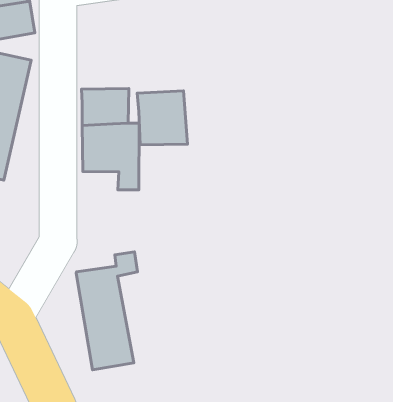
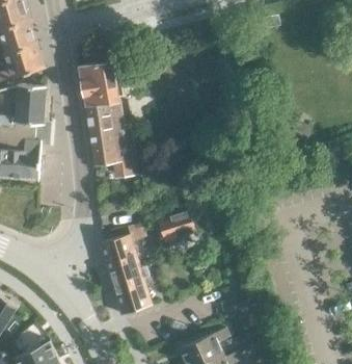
building: [137,91,187,145] -> [78,59,120,104]
building: none -> [158,208,194,240]

